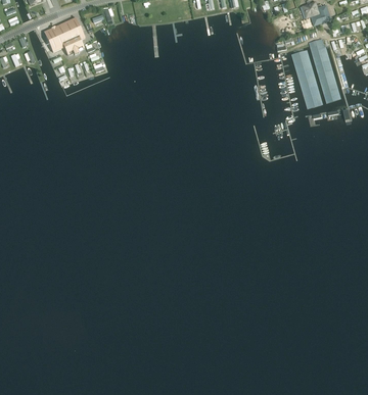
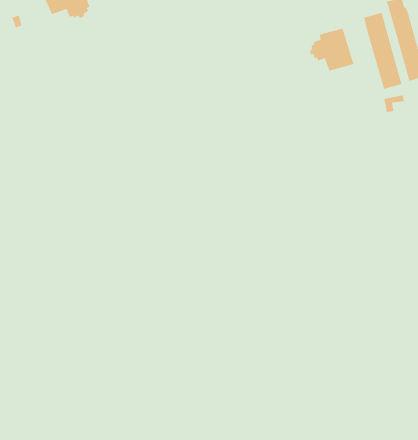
building: none -> [310,28,354,72]

